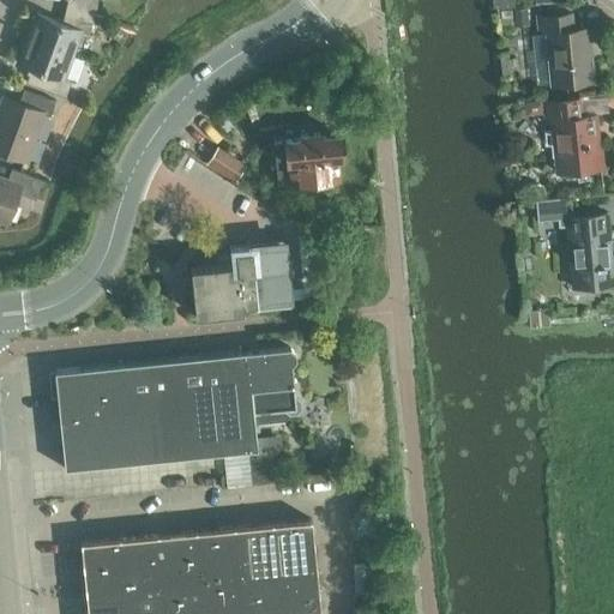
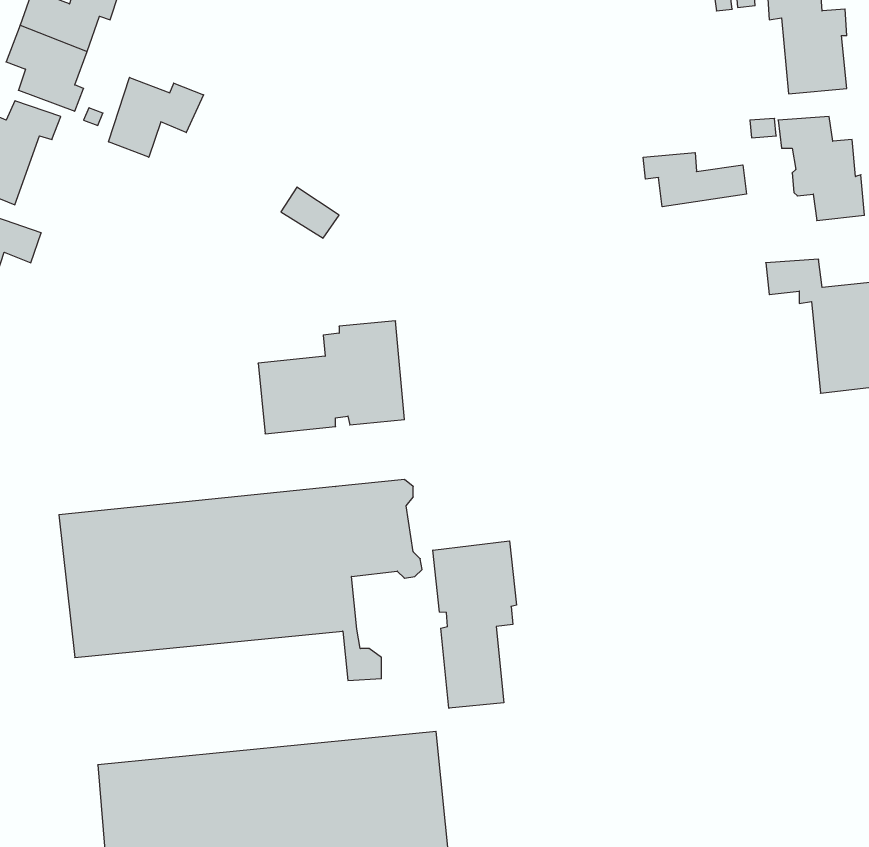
building: none -> [109,77,204,157]
building: none -> [643,153,746,207]
building: [276,138,343,187] -> none
building: none -> [433,541,516,708]

